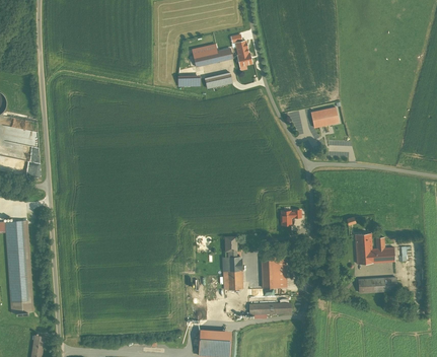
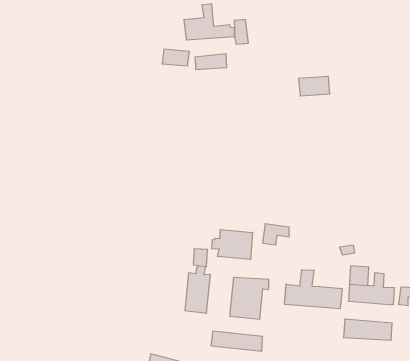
building: [310,108,338,127] -> [299,76,330,96]
building: none -> [212,229,252,260]
building: none -> [284,270,342,309]

